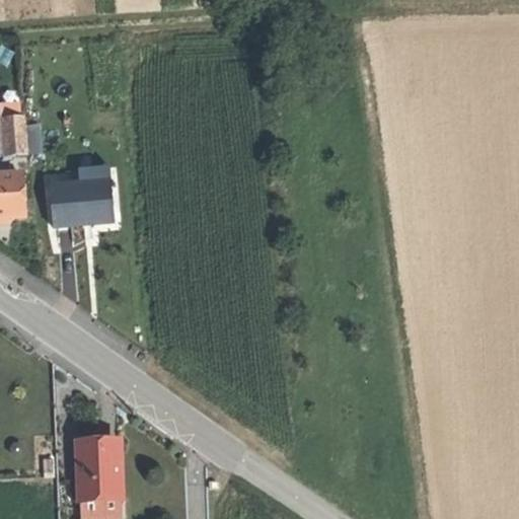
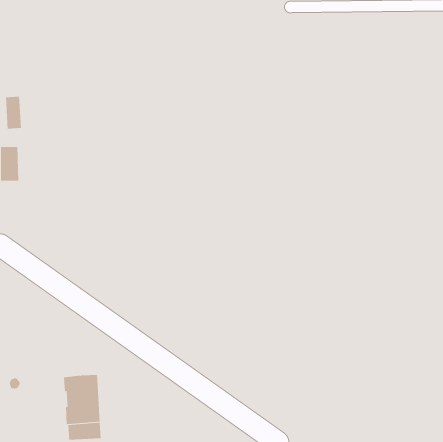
building: [48,179,112,224] -> none

